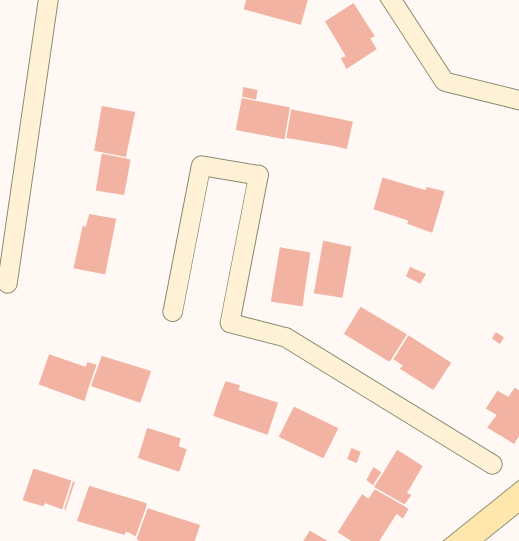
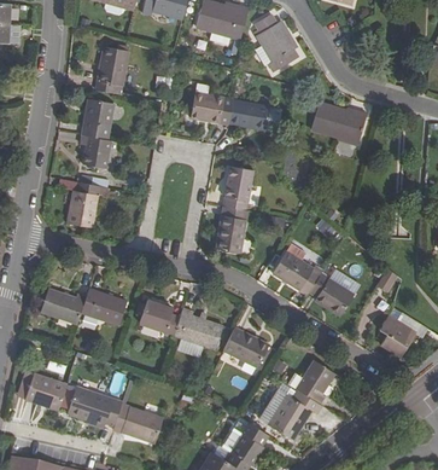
building: none -> [95,45,128,92]
building: [372,177,446,234] -> [311,101,367,145]
building: [313,240,353,299] -> [223,164,253,209]
building: [137,427,188,473] -> [140,298,179,333]

